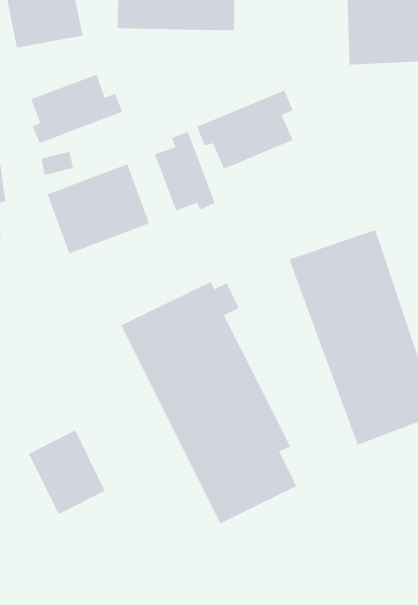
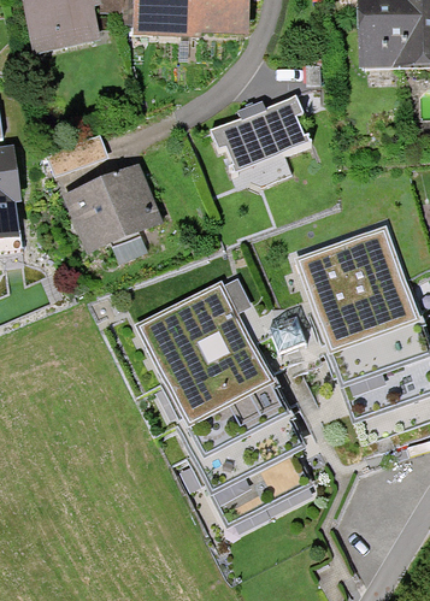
building: [31,74,123,144] -> none
building: [154,131,215,211] -> none
building: [28,430,106,515] -> none

